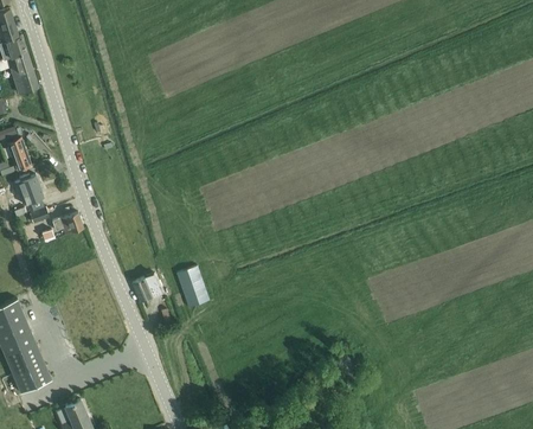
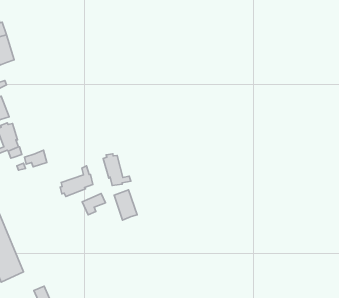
building: none -> [103,154,131,186]
building: none -> [60,166,93,197]

